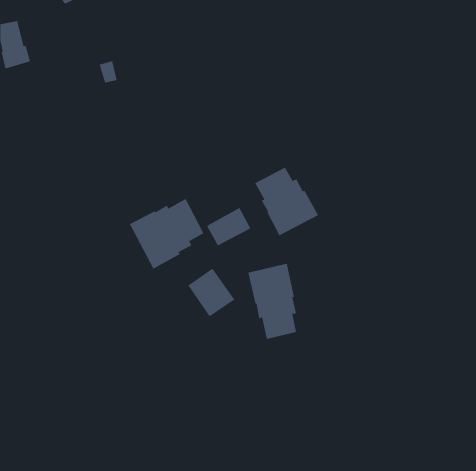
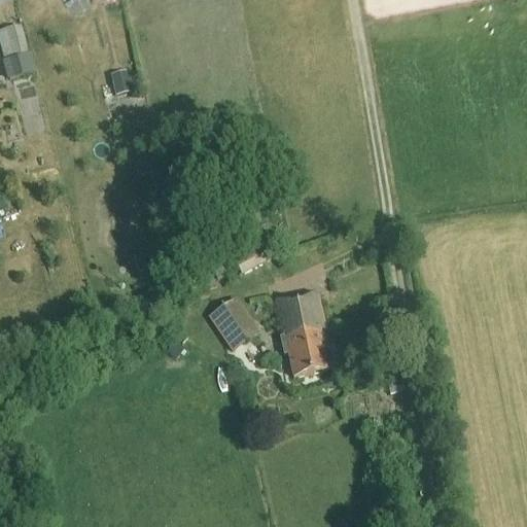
building: [255,167,319,236] -> none
building: [129,198,204,270] -> none

